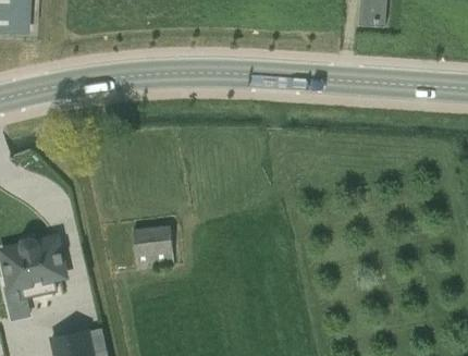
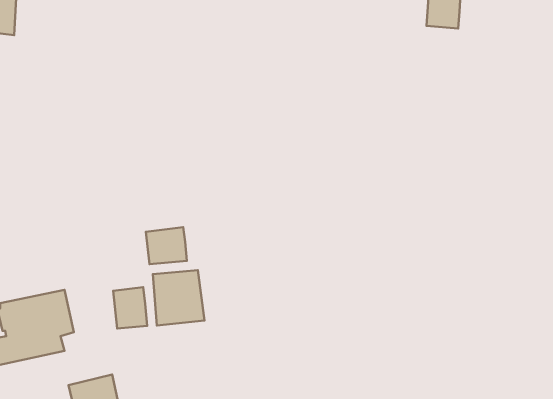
building: none -> [146,227,187,264]
building: none -> [113,287,147,328]

